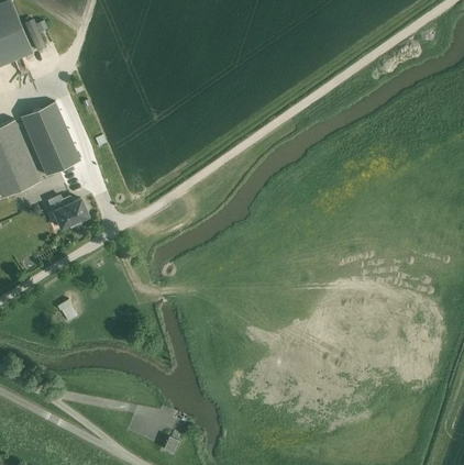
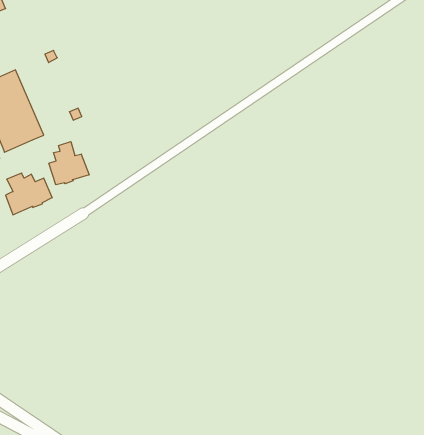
building: none -> [49,142,89,185]

